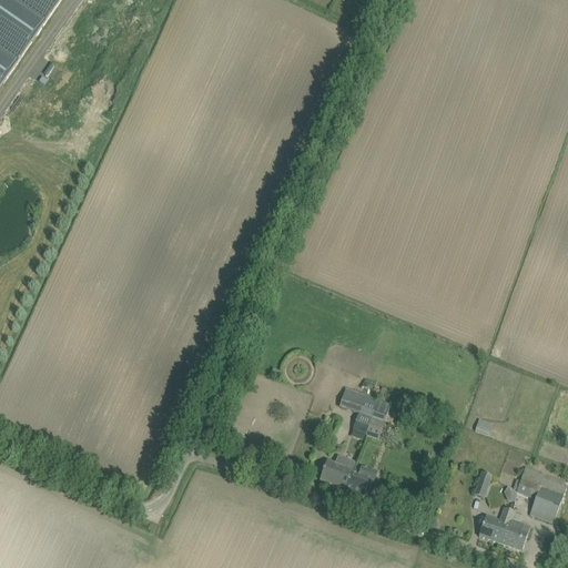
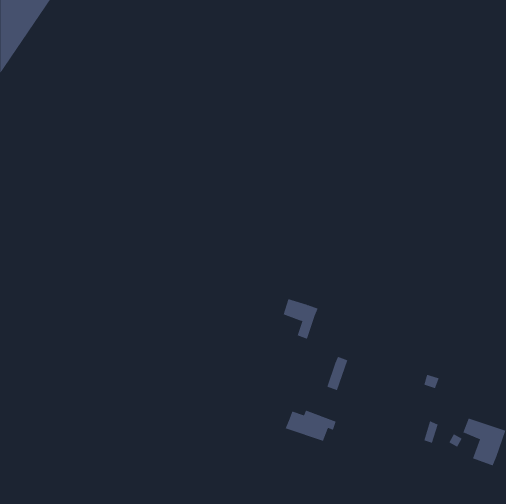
building: [337,387,377,433] -> [283,299,318,339]
building: [478,506,529,550] -> none

